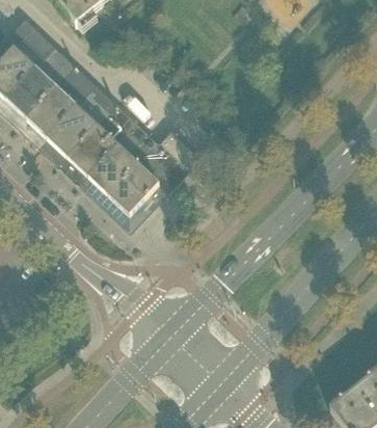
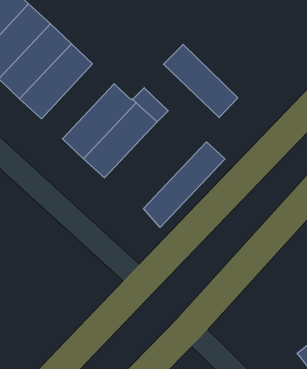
building: none -> [163,44,238,118]
building: [63,102,139,180] -> none
building: none -> [143,142,225,227]

